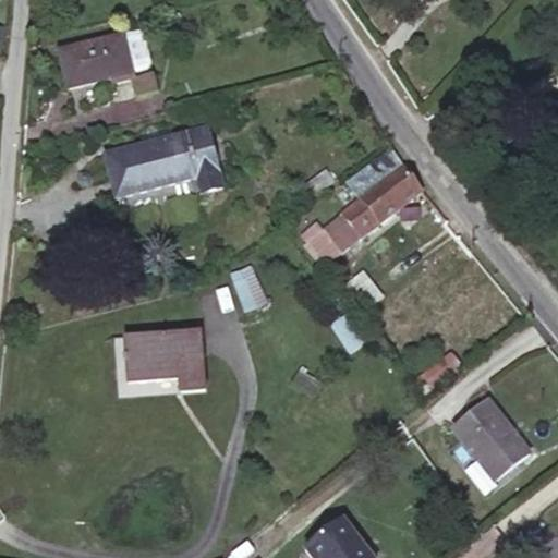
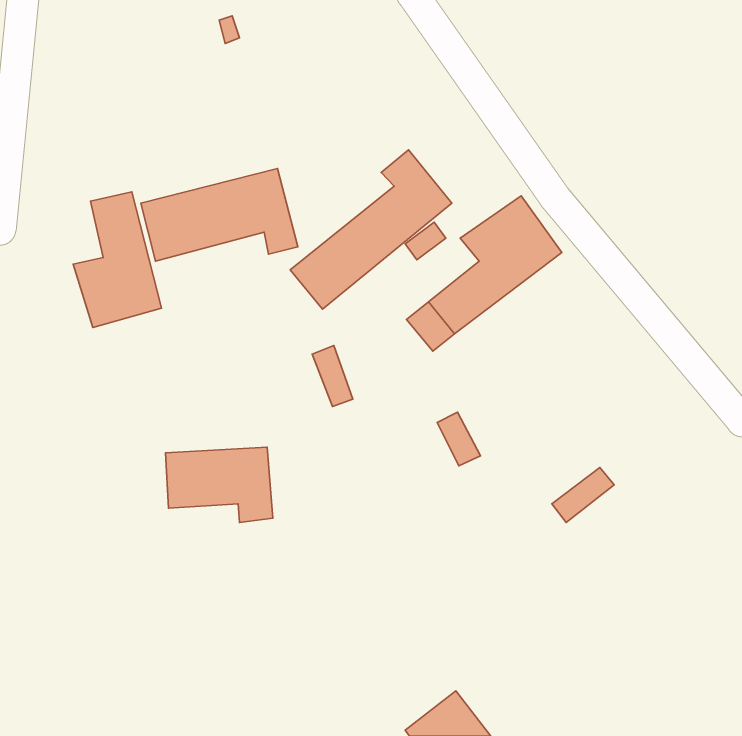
building: [59,33,134,86] -> none
building: none -> [290,150,452,309]
building: none -> [73,192,162,327]
building: [452,399,530,478] -> none

